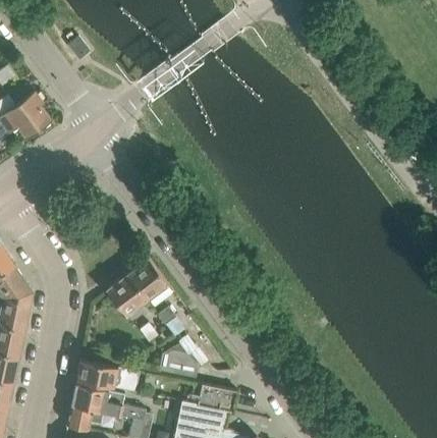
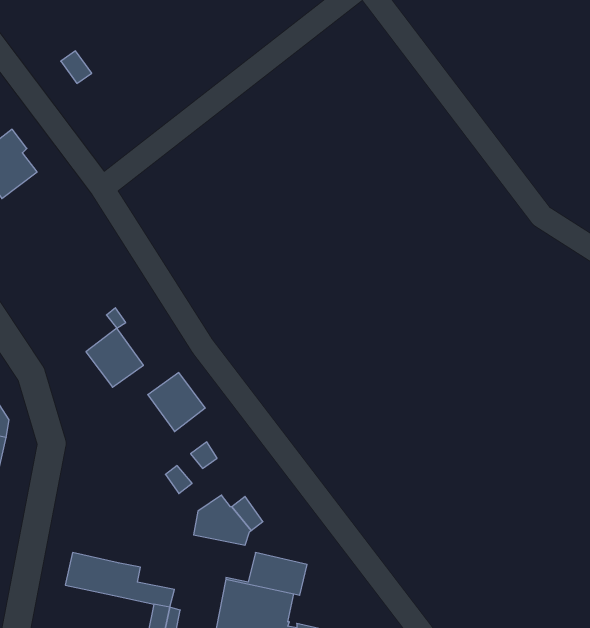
building: [105,275,145,316] -> [86,328,143,387]
building: [75,360,139,392] -> none
building: [65,406,102,431] -> none

